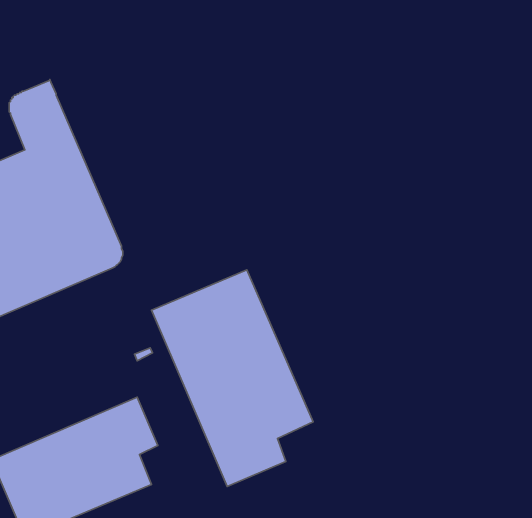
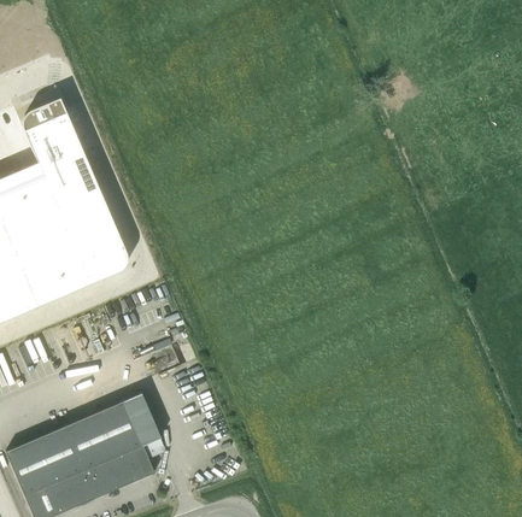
building: [151,270,313,487] -> none

